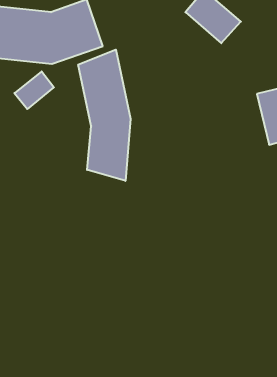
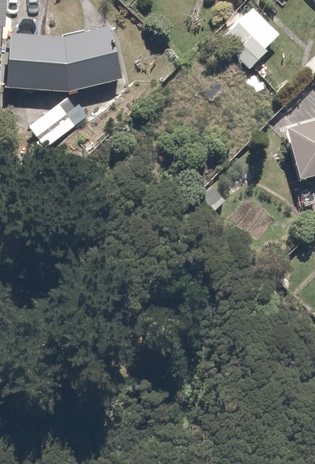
building: [78,50,131,181] -> none

